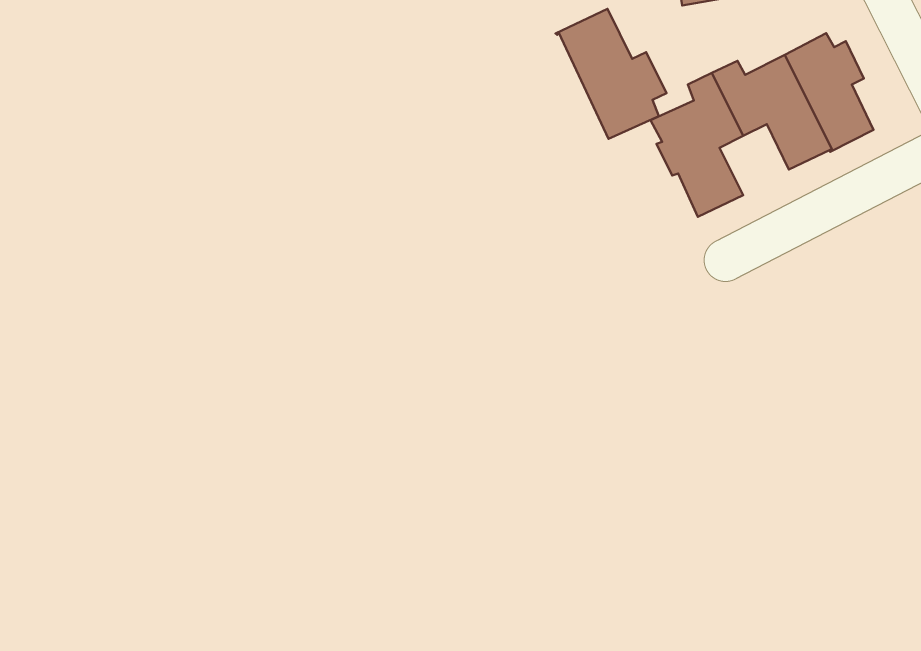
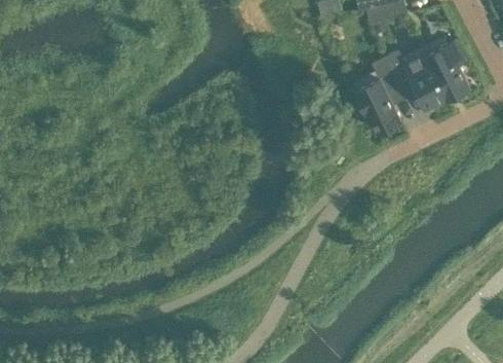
building: [556,9,667,139] -> none

